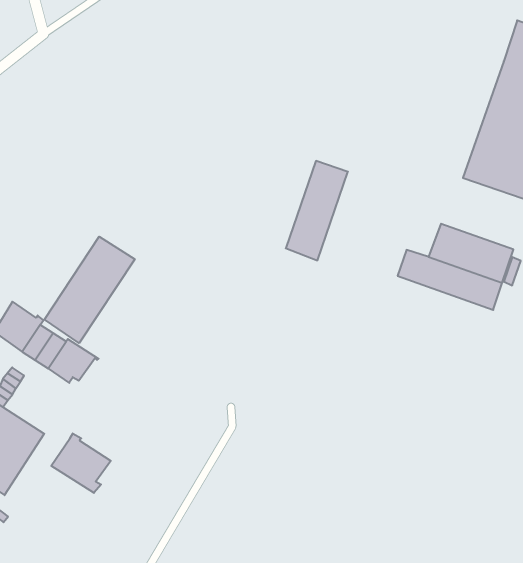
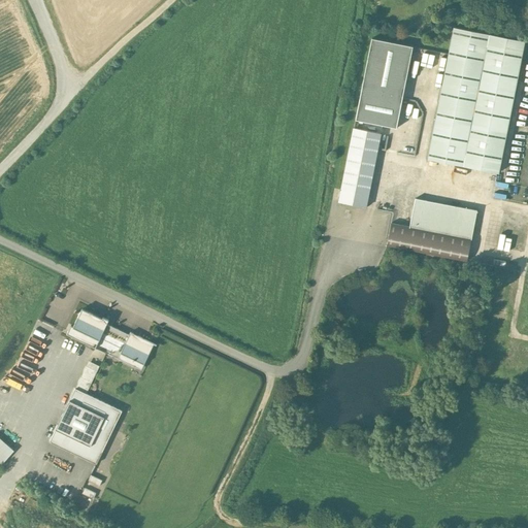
building: none -> [356,38,412,128]
building: [286,161,348,260] -> [339,128,381,207]
building: [45,237,135,343] -> none
building: [51,433,111,493] -> none

